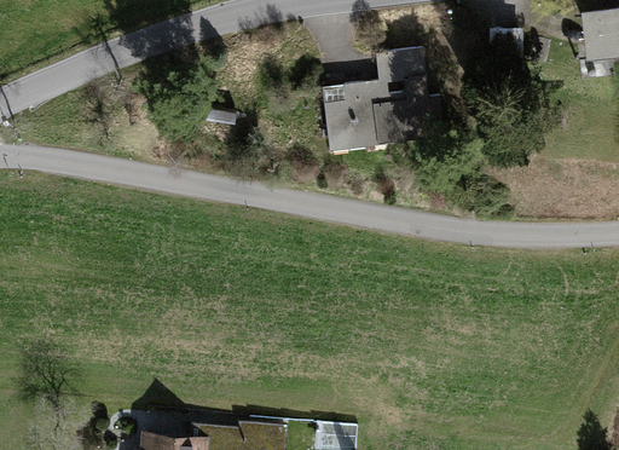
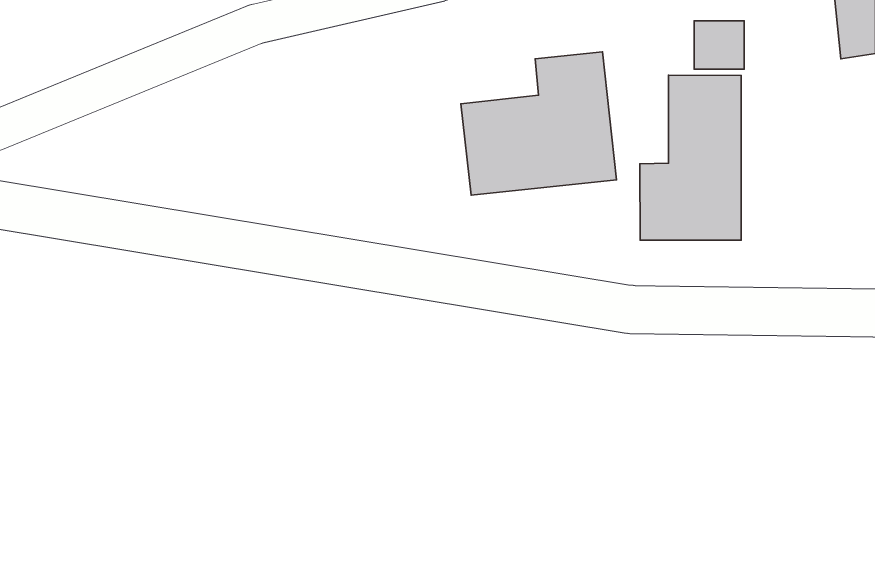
building: none -> [640,75,741,240]

